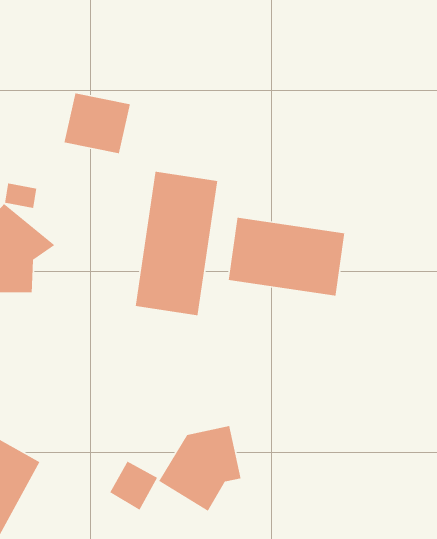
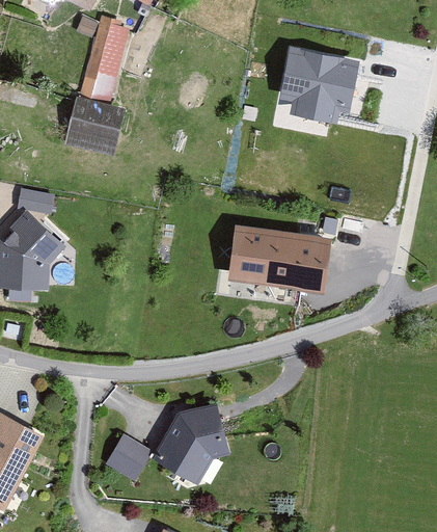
building: none -> [83,25,131,107]
building: none -> [270,43,351,119]
building: [135,171,218,316] -> none

